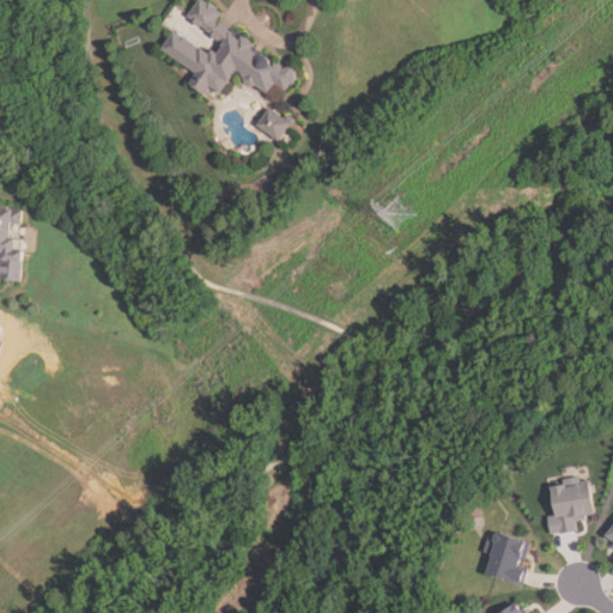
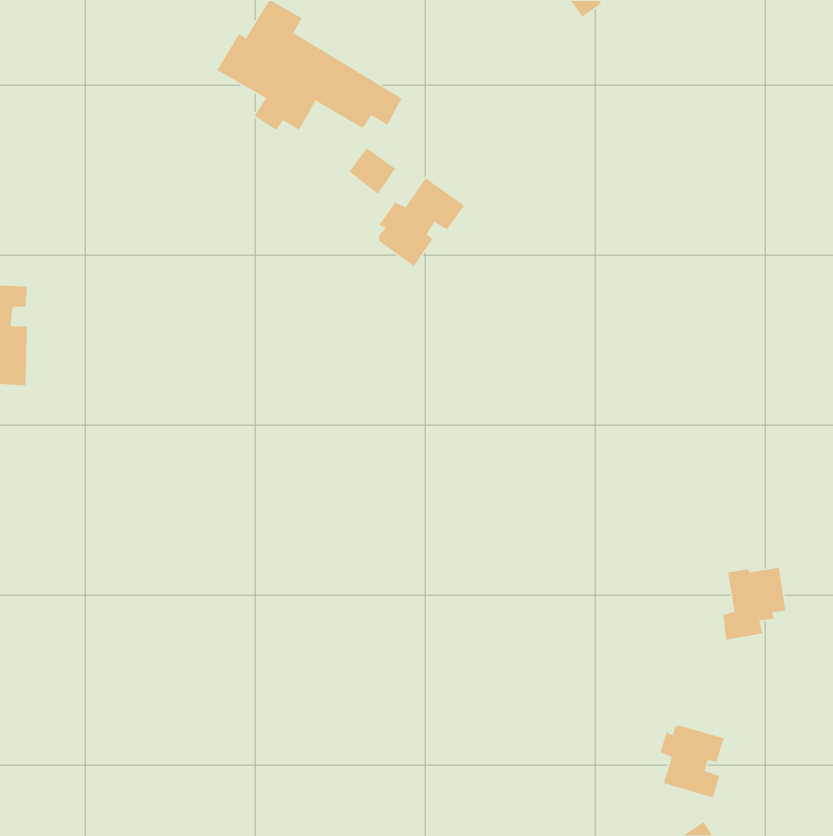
building: none -> [378,177,465,267]
building: [546,480,593,534] -> [722,567,786,641]

